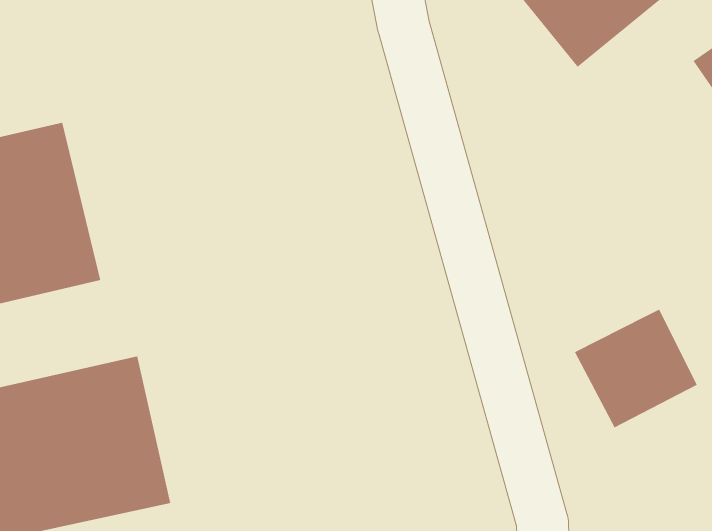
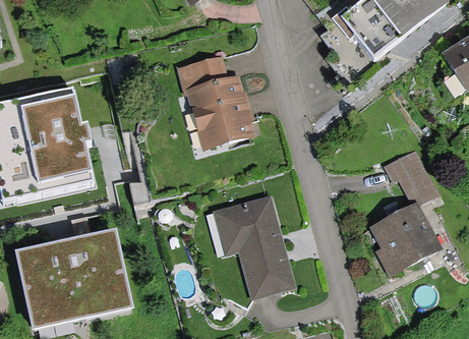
building: none -> [185,53,255,145]
building: none -> [386,150,436,205]
building: none -> [210,197,291,296]

